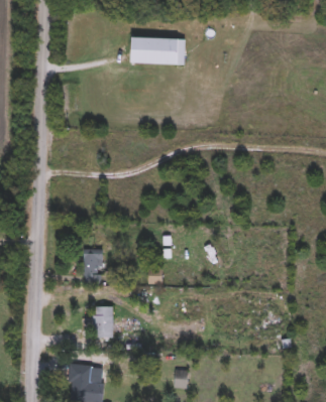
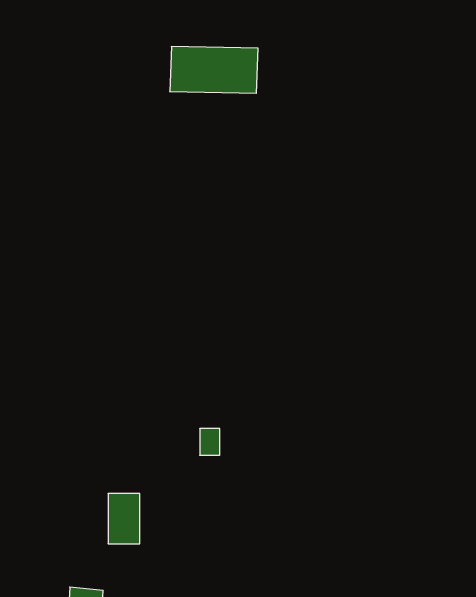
building: [84,250,103,285] -> none

